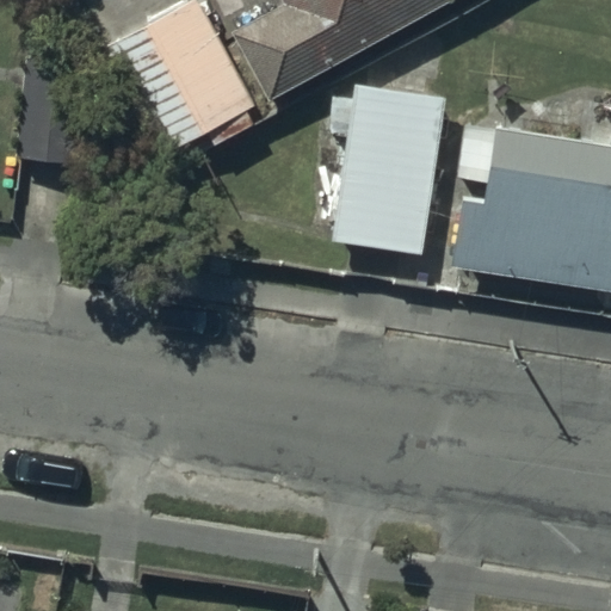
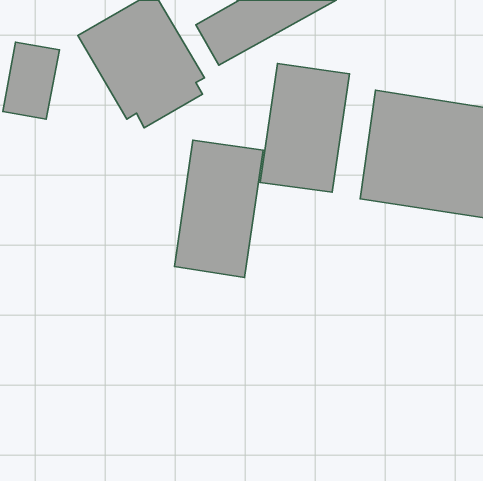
building: none -> [175,140,263,278]

